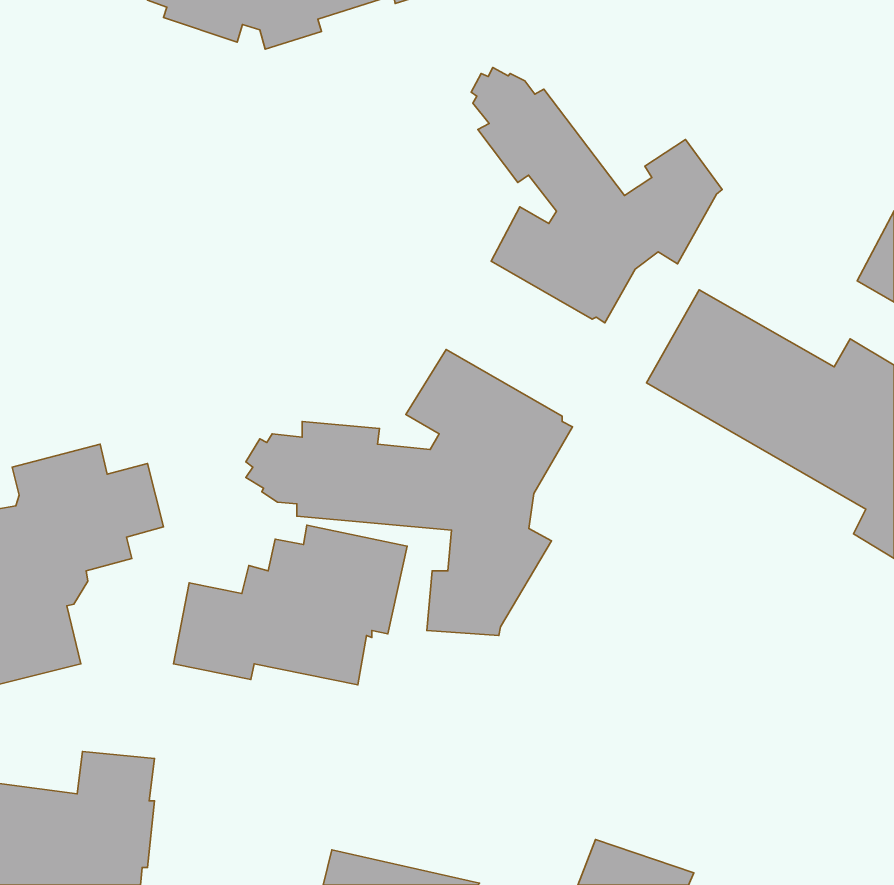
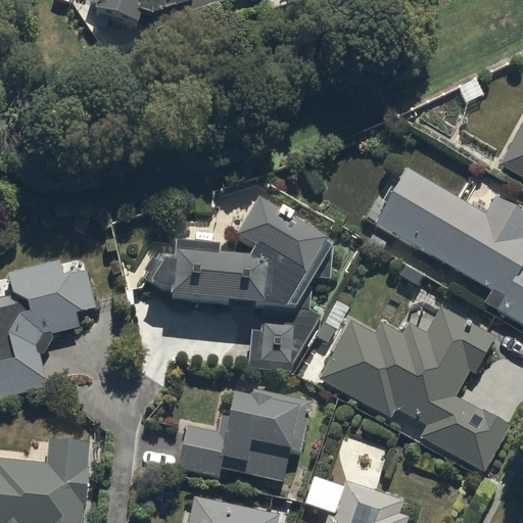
building: [471,67,722,323] -> none
building: [173,525,407,685] -> [176,389,312,482]
building: none -> [318,305,507,469]

